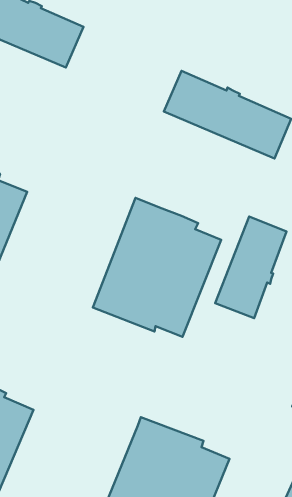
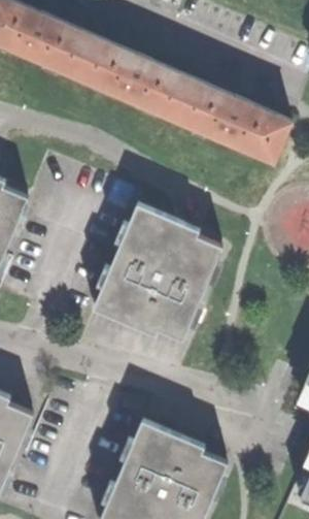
building: none -> [68,33,182,117]
building: [215,217,287,318] -> none

